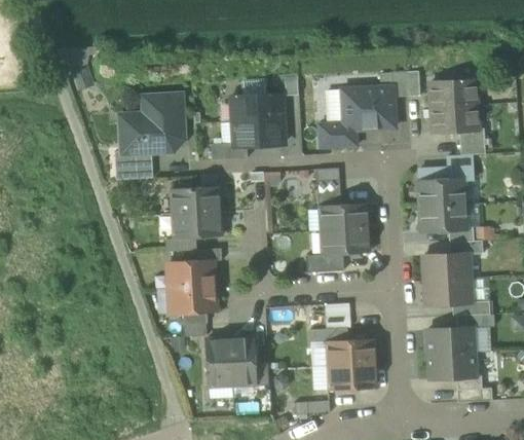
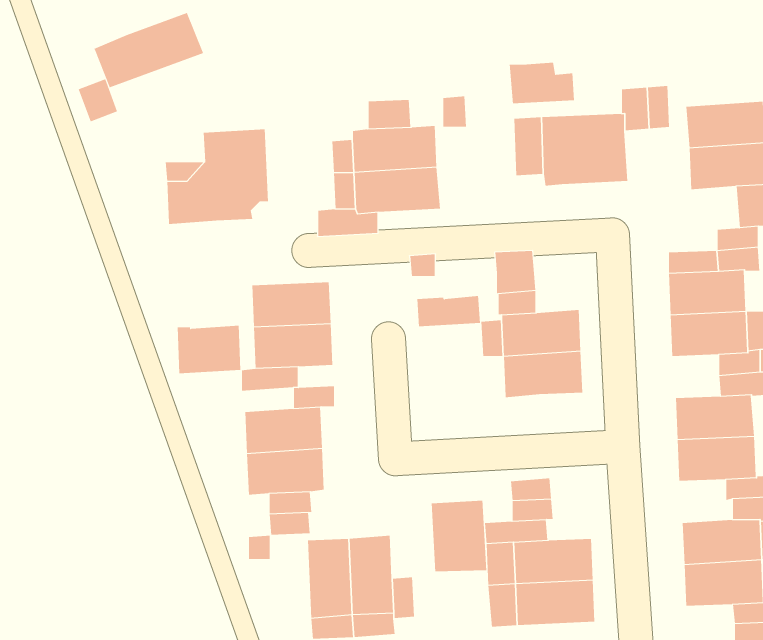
building: none -> [94,12,204,88]
building: [319,123,358,148] -> [509,62,575,104]
building: [115,151,153,180] -> [177,325,241,374]
building: [306,254,344,272] -> [416,295,481,327]
building: none -> [431,500,487,572]

